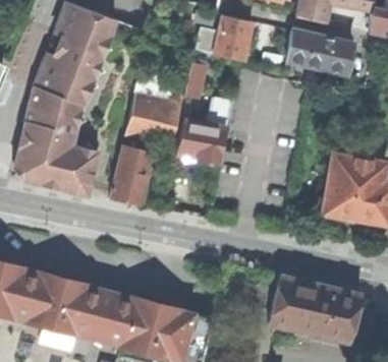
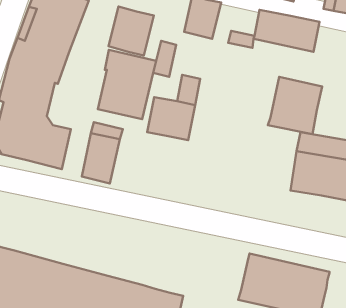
building: none -> [108,7,154,55]
building: none -> [268,77,322,134]

